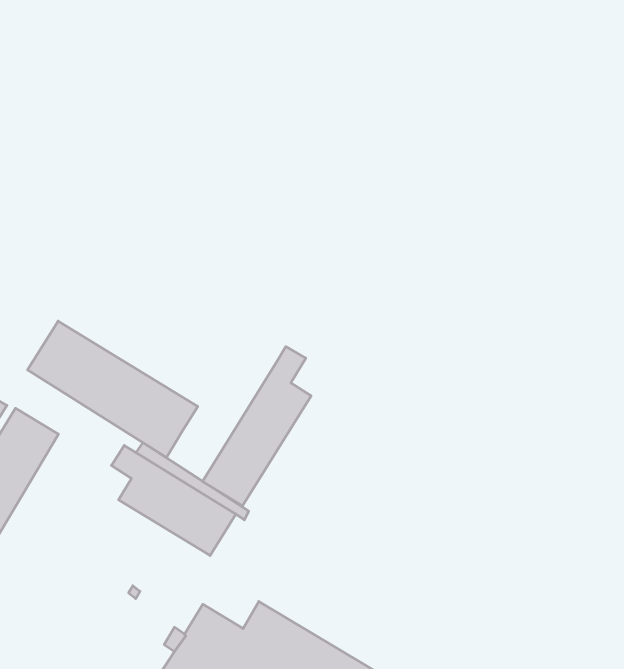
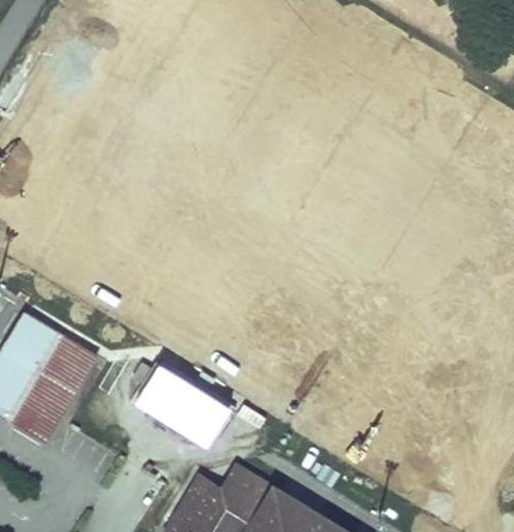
building: [28,321,198,457] -> none
building: [203,347,311,506] -> none

